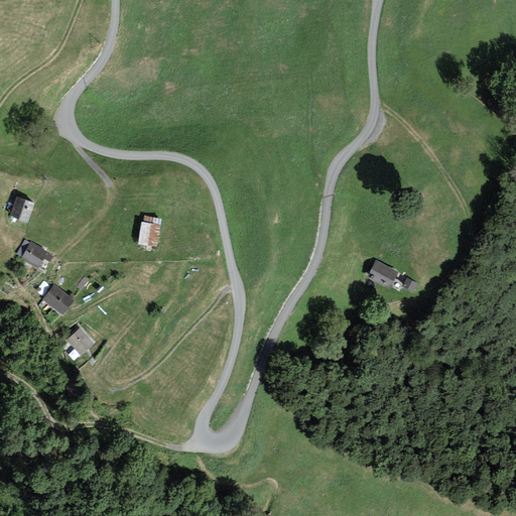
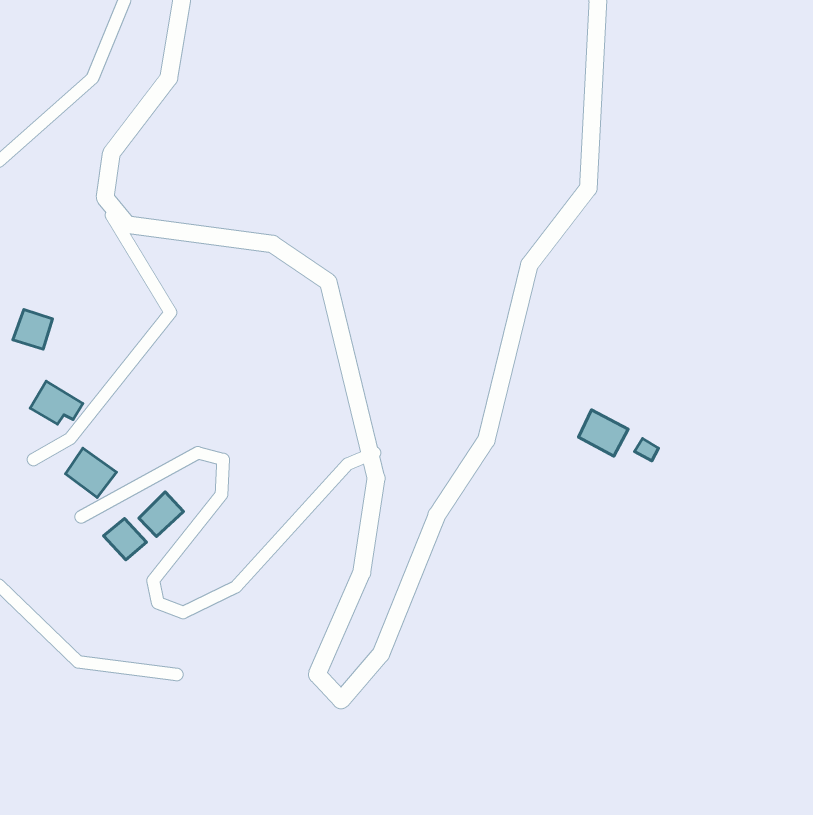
building: [142,222,162,247] -> none
building: none -> [139,492,184,537]

